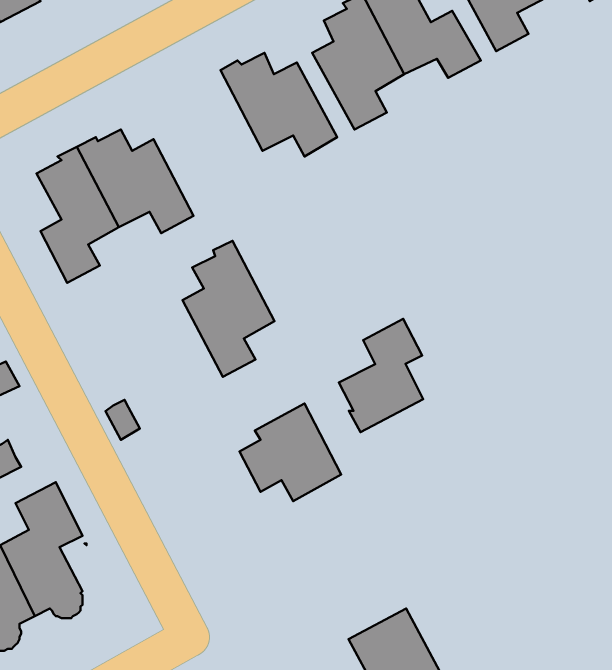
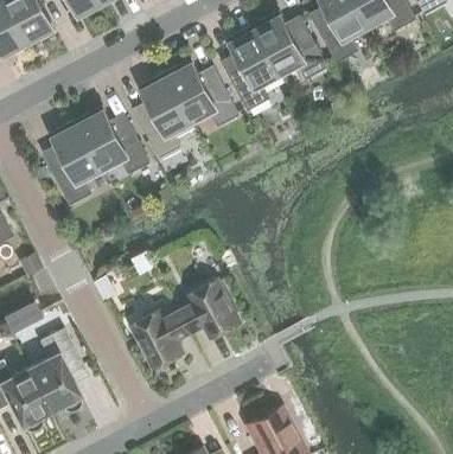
building: [183,241,275,377] -> [135,72,192,156]
building: [339,319,423,432] -> none
building: none -> [130,308,191,369]

